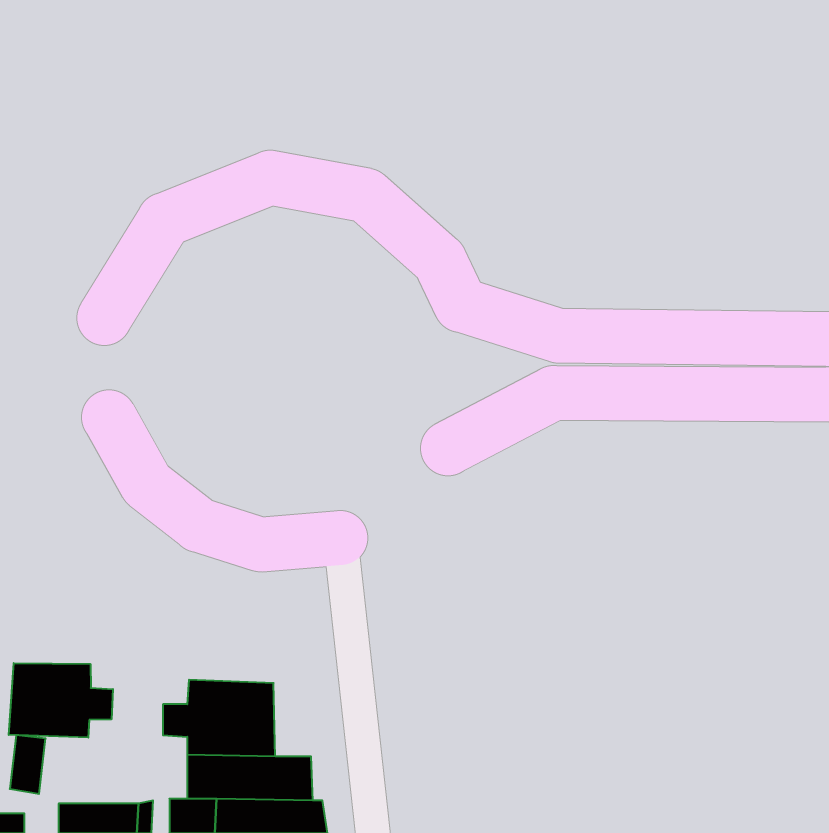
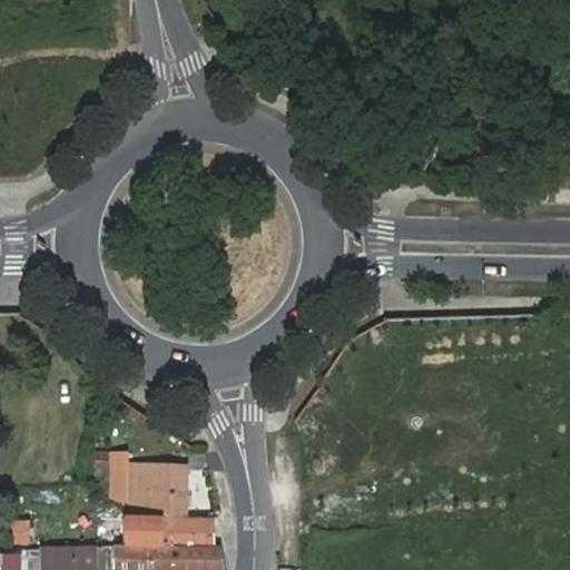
building: none -> [94,451,129,481]
building: [9,663,113,738] -> none

